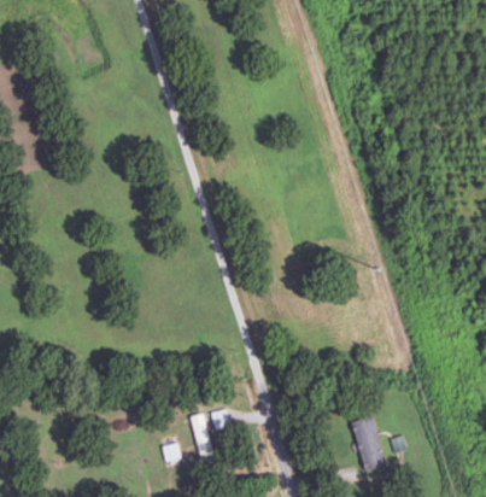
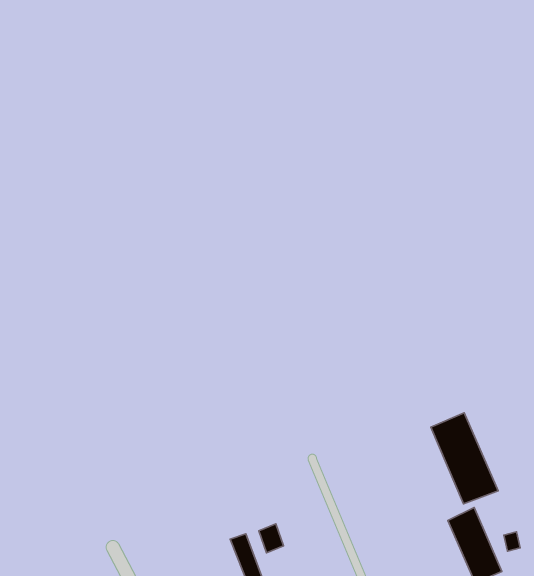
building: none -> [431,413,498,504]

